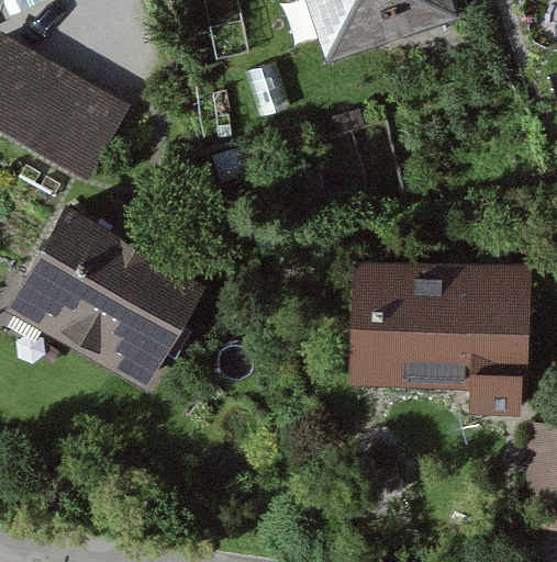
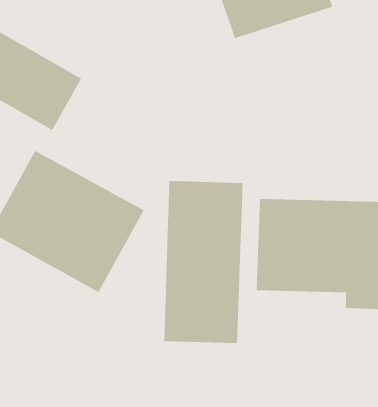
building: none -> [164,180,243,344]

